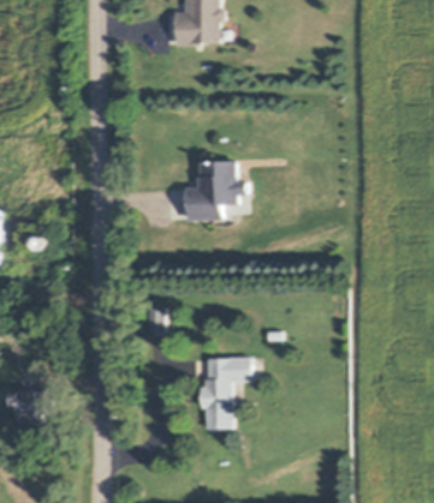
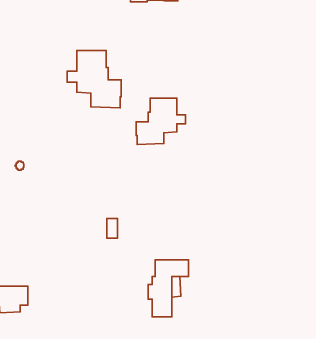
building: none -> [67,50,121,108]

